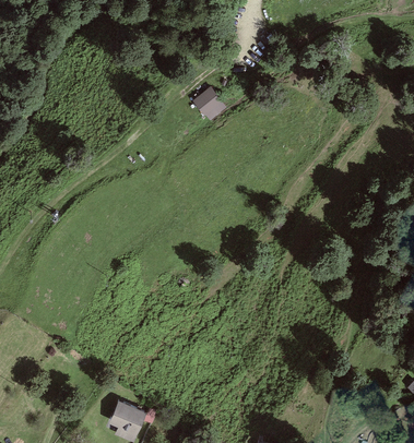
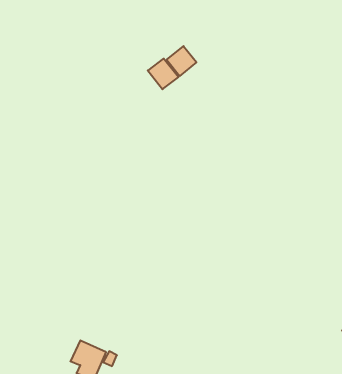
building: none -> [167,46,196,76]

